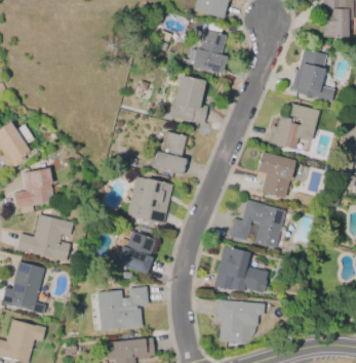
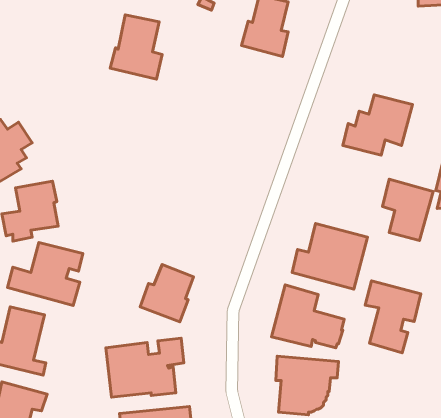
building: [292,49,334,103] -> none
building: [169,76,208,124] -> [110,15,162,79]
building: [154,131,187,173] -> none
building: [258,152,295,198] -> [382,179,433,241]
building: [127,176,173,225] -> none
building: none -> [365,281,421,353]

